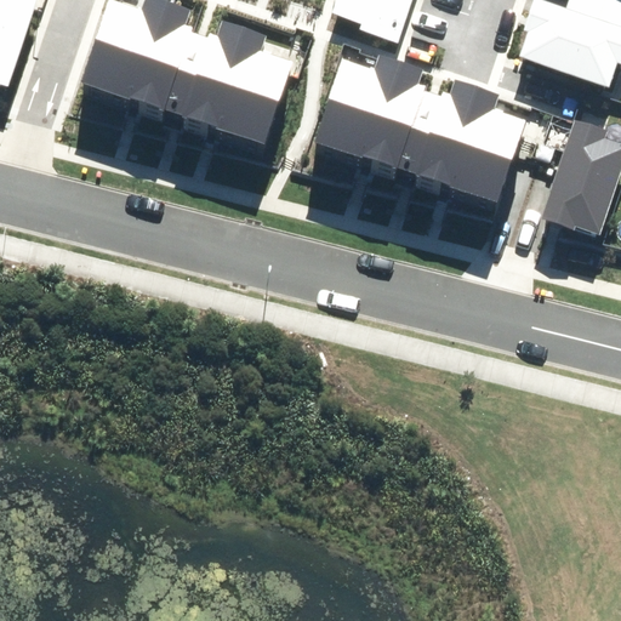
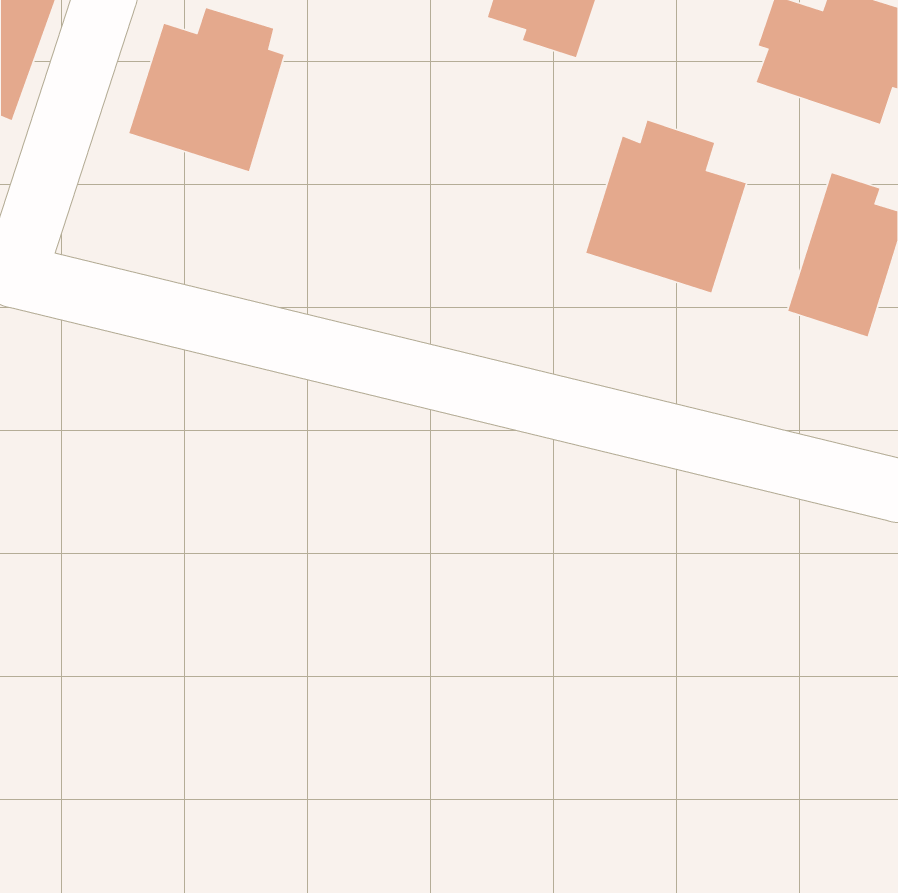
building: [172,27,283,146] -> none
building: [320,61,429,175] -> none

